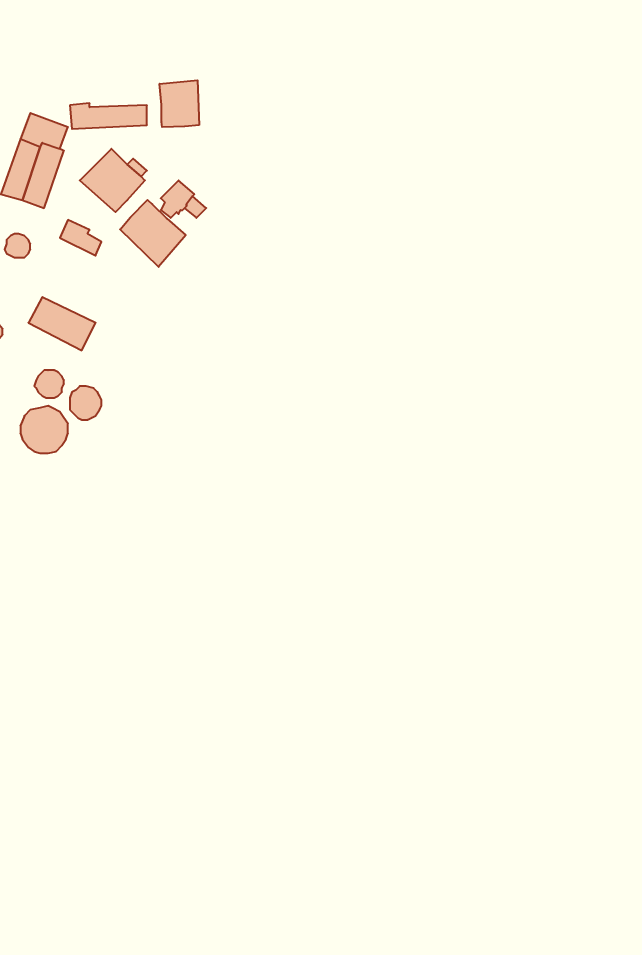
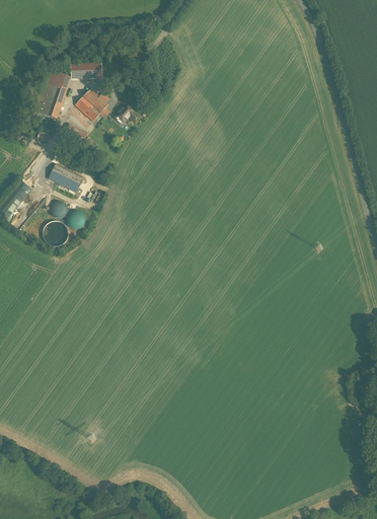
building: [160,80,199,127] -> none
building: [120,200,186,267] -> none

